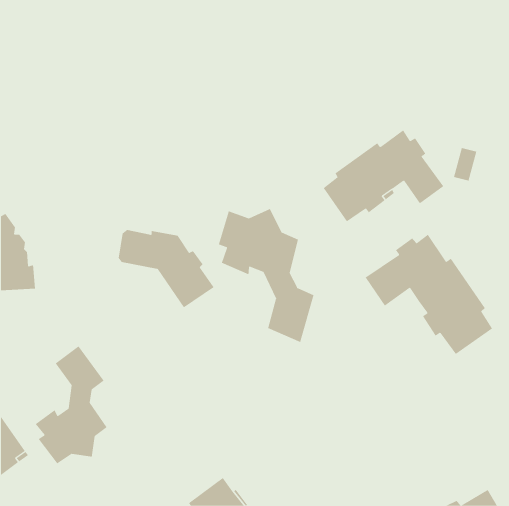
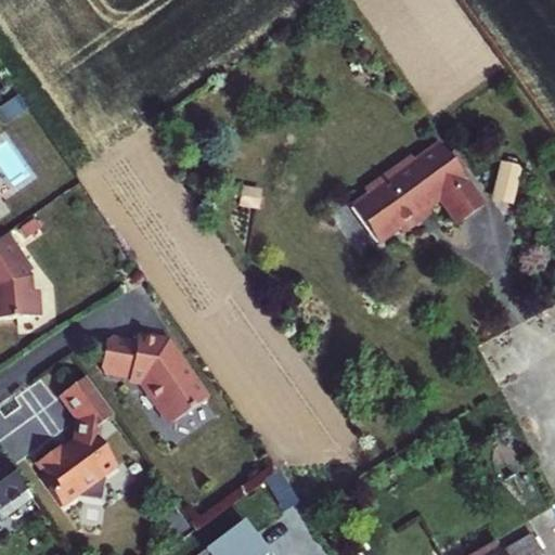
building: [218,208,314,343] -> none
building: [118,229,214,308] -> [101,336,206,422]
building: [365,234,493,355] -> none

